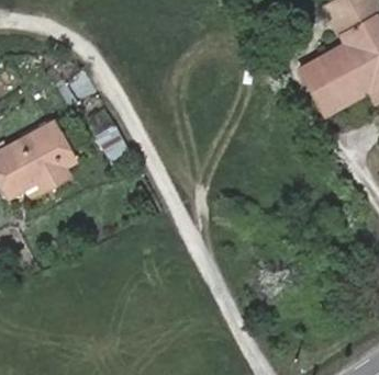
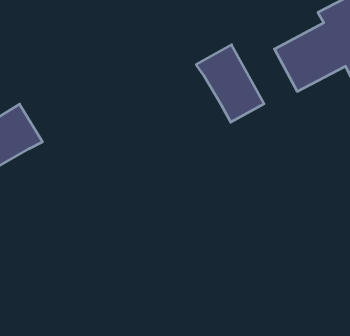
building: none -> [196,45,264,122]

